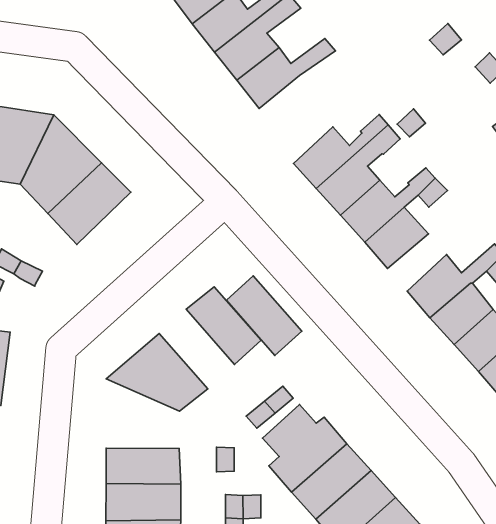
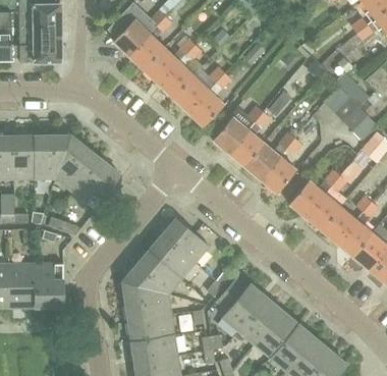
building: none -> [187,73,232,127]
building: [226,276,302,356] -> [150,234,196,278]
building: none -> [123,281,171,321]

